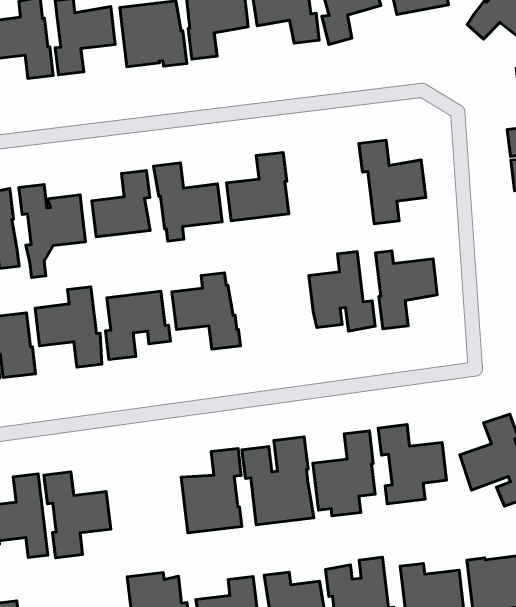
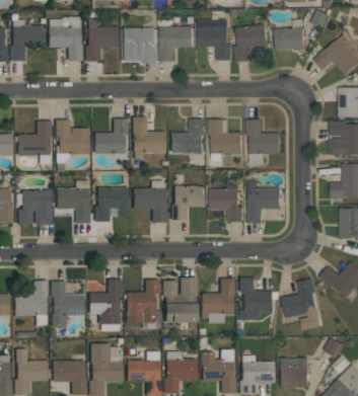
building: none -> [208,118,241,161]
building: none -> [170,185,204,221]
building: none -> [88,280,122,331]

